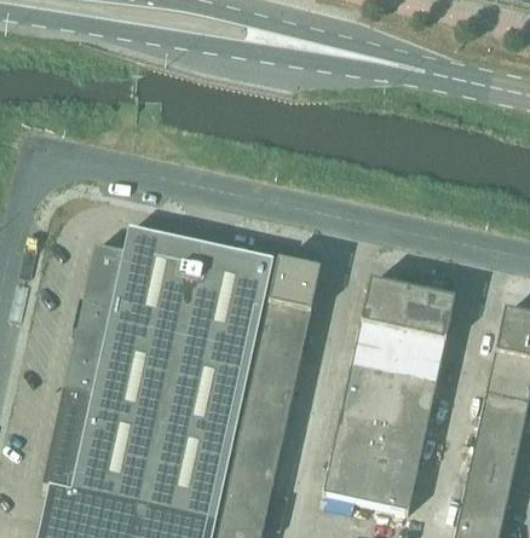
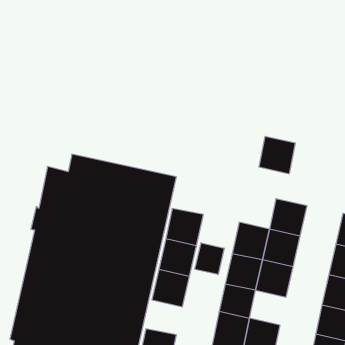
building: [269,258,321,310] -> none
building: [362,278,413,330] -> [259,136,295,174]
building: none -> [195,243,224,275]
building: [376,415,427,463] -> none
building: [232,428,283,476] -> none

